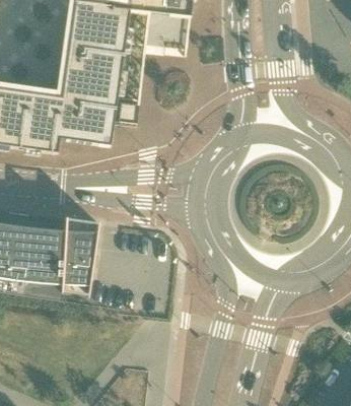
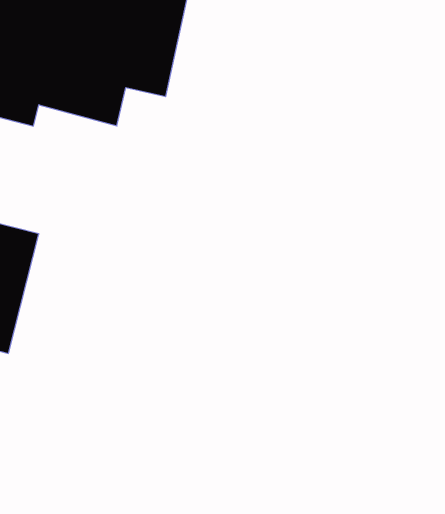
building: [53,218,98,300] -> none

